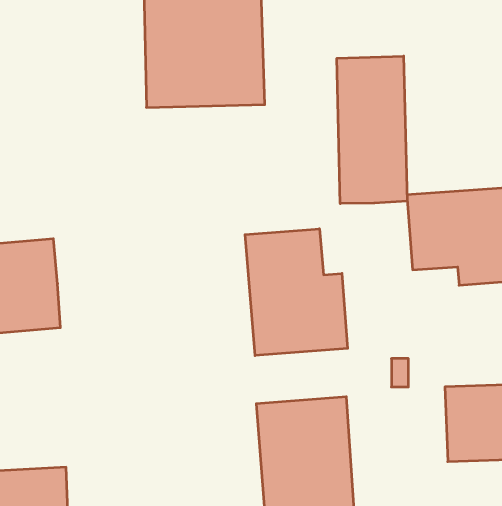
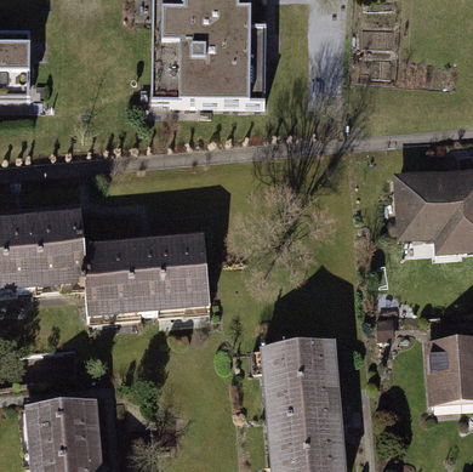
building: [337,56,407,204] -> none
building: [245,229,348,356] -> none
building: none -> [89,239,207,319]

